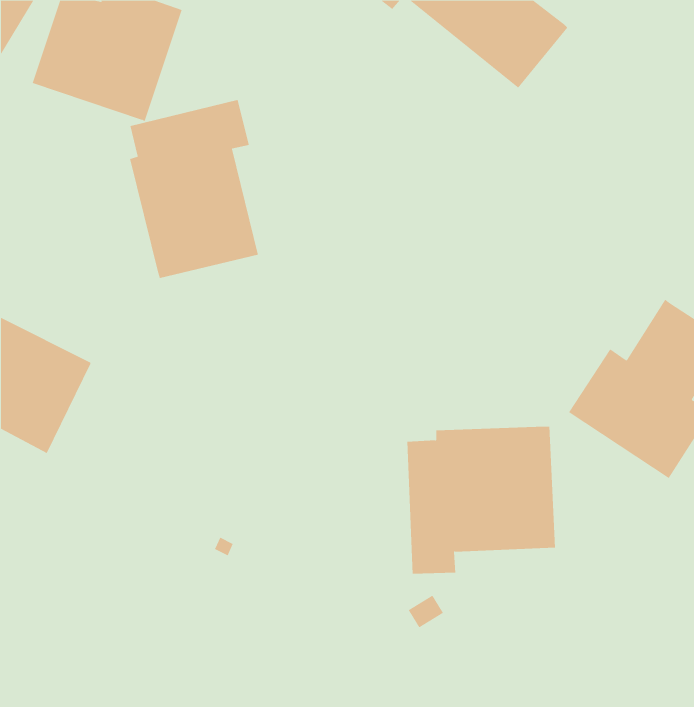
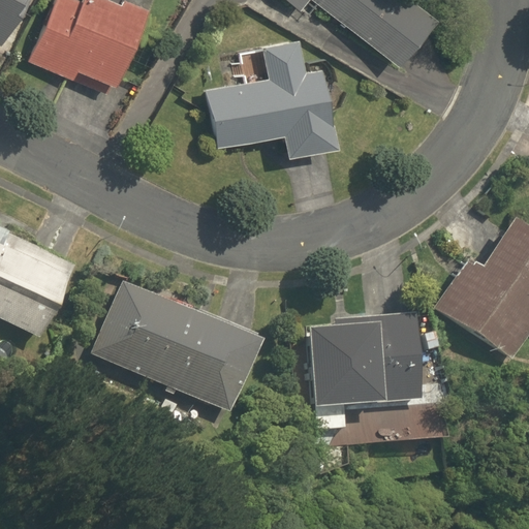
building: none -> [203,39,335,149]
building: [129,99,259,279] -> none
building: none -> [92,278,260,416]

